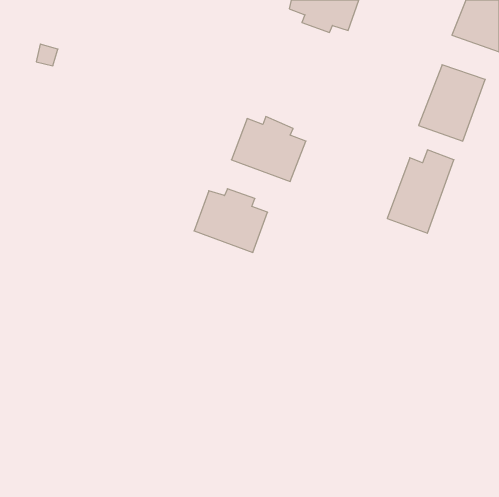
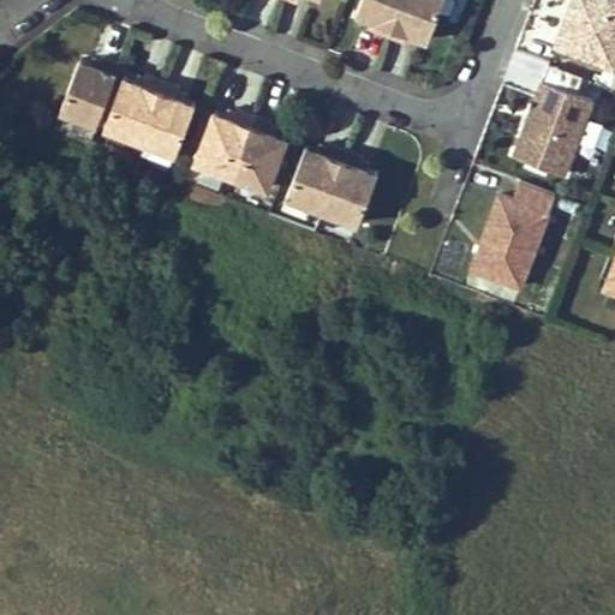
building: none -> [56,62,115,129]
building: none -> [100,79,191,159]
building: [194,189,268,252] -> [192,114,282,192]

